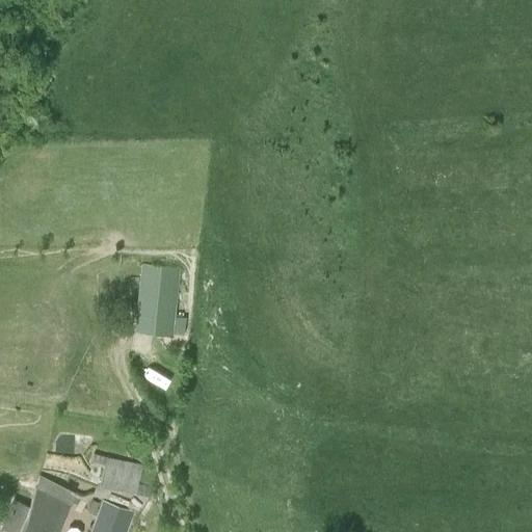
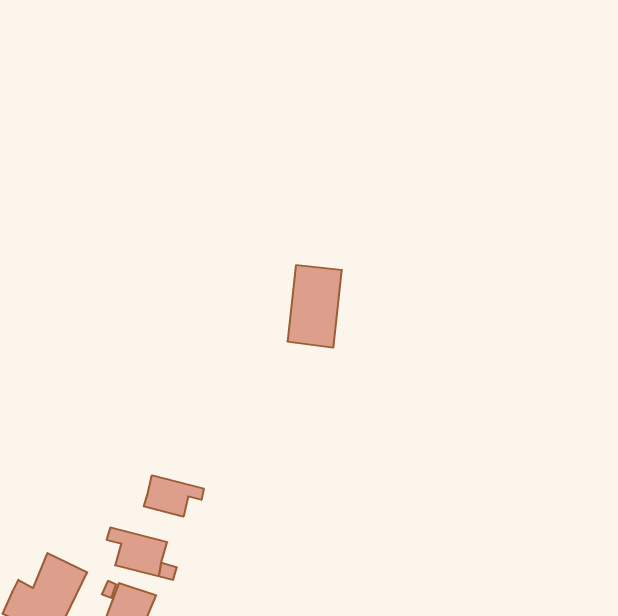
building: [135,266,182,337] -> [287,265,342,348]
building: none -> [144,475,204,517]

